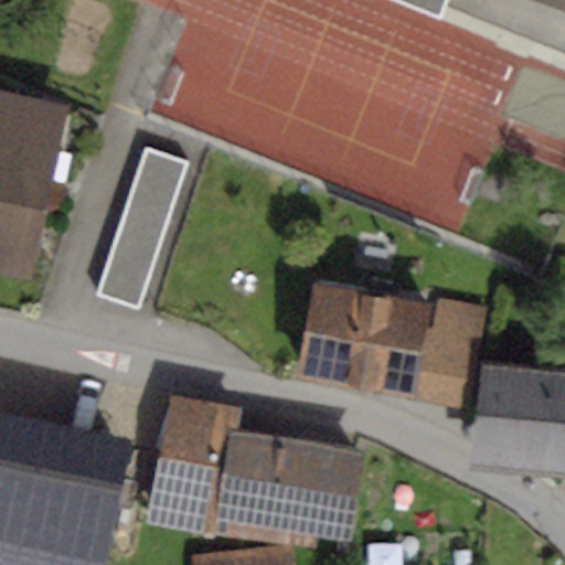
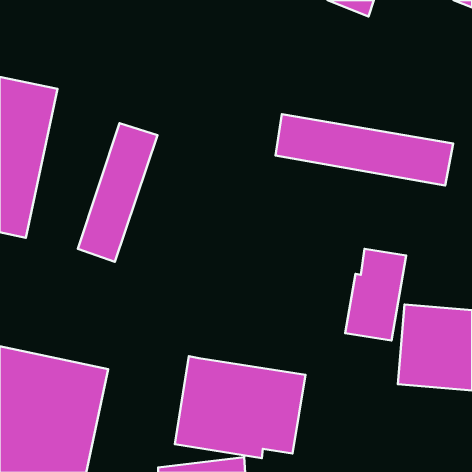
building: none -> [275,114,453,185]
building: [296,285,428,398] -> none
building: [149,397,241,531] -> none

